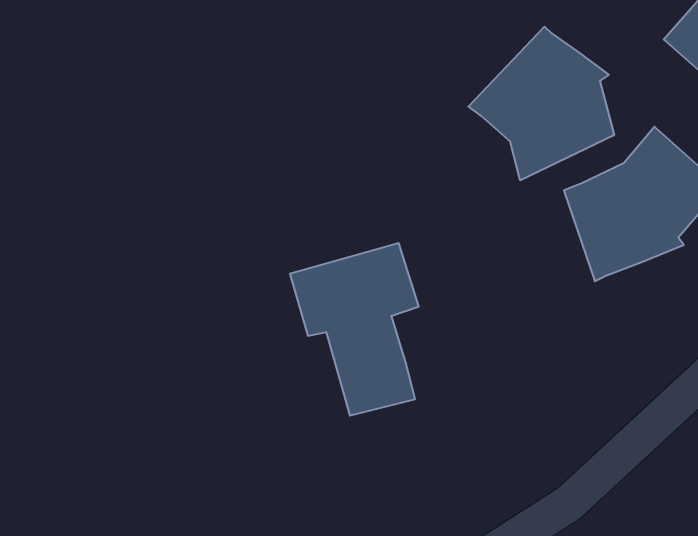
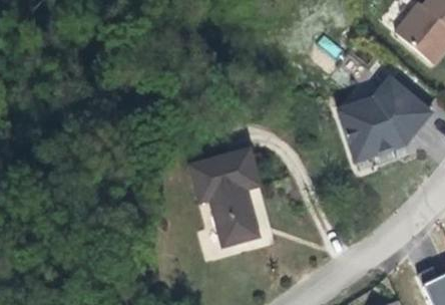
building: [468,27,614,180] -> none

